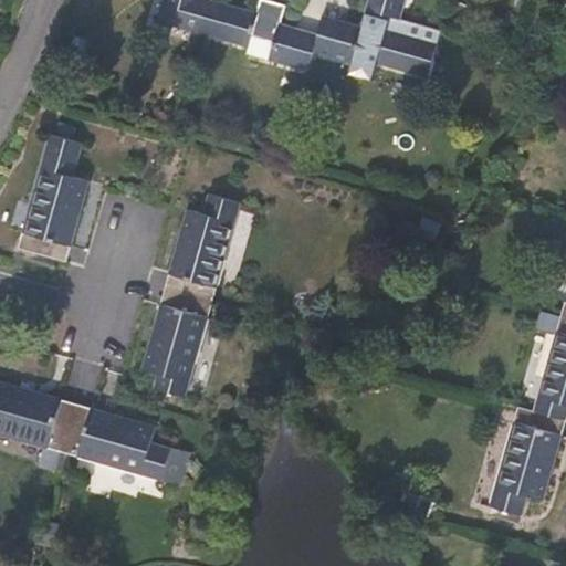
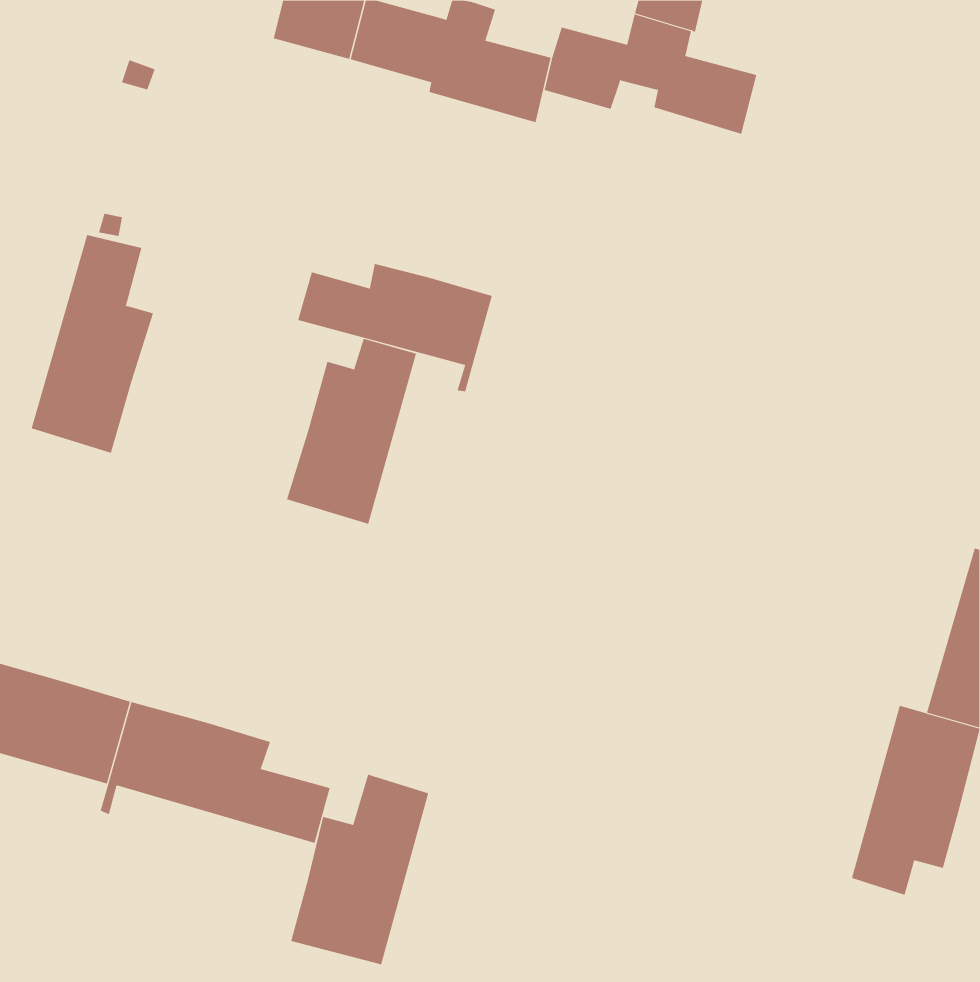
building: none -> [297,263,493,392]
building: [142,287,212,397] -> none
building: none -> [290,774,429,965]

